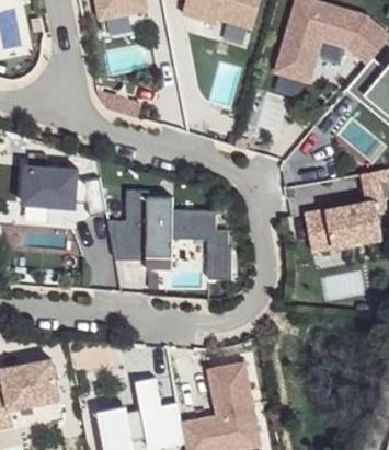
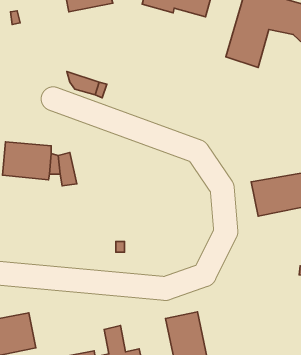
building: [106,192,231,280] -> none

